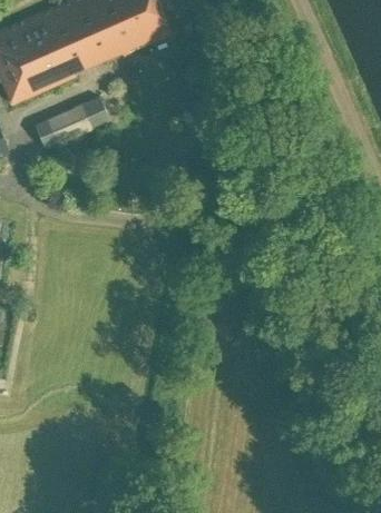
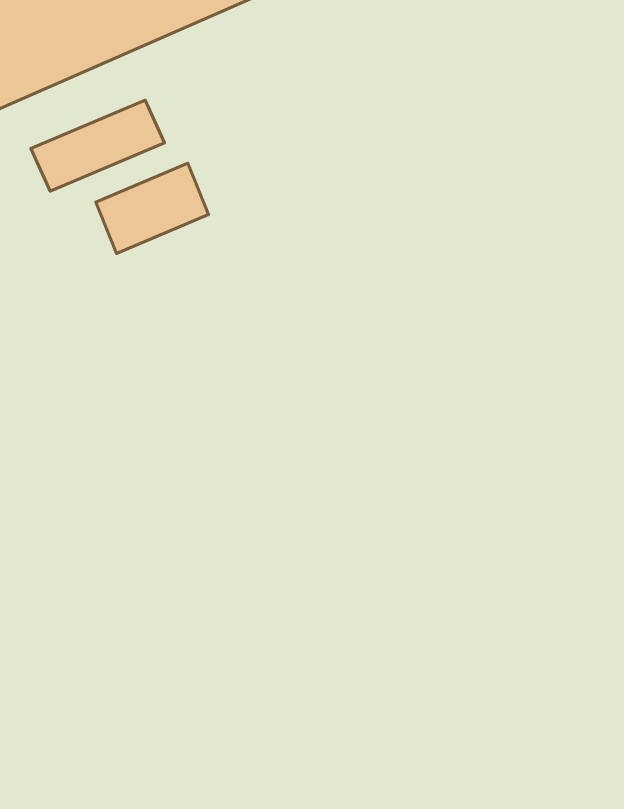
building: none -> [96,163,208,254]

